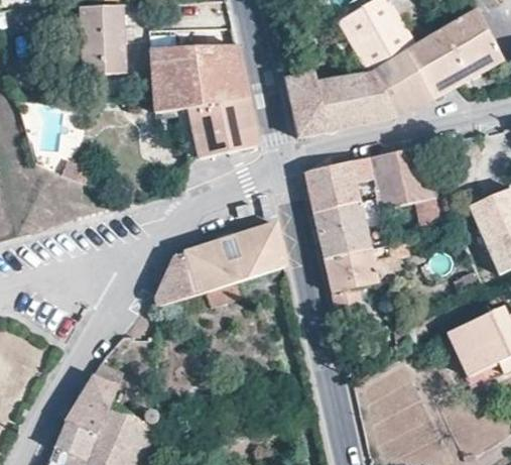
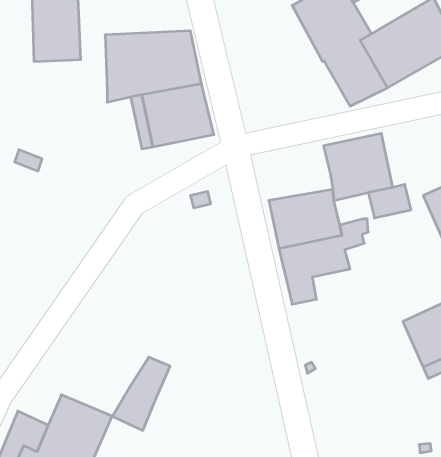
building: [284,71,395,136] -> none
building: [305,155,378,210] -> none
building: [155,220,287,306] -> none
building: [66,360,123,433] -> [112,357,170,430]

